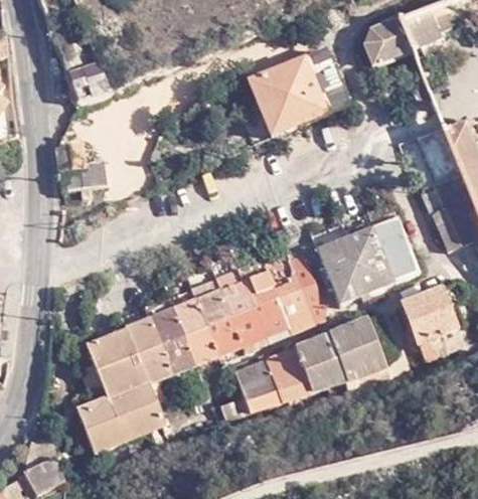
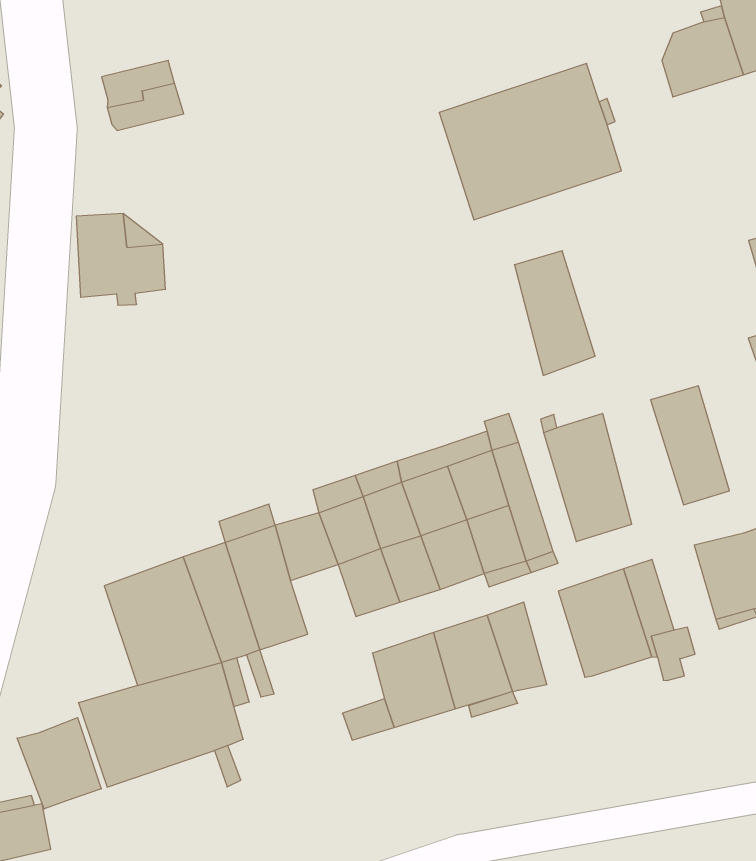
building: [346,227,392,295] -> [514,251,595,375]
building: [184,326,220,364] -> none
building: [310,333,345,383] -> none
building: none -> [17,718,101,809]

